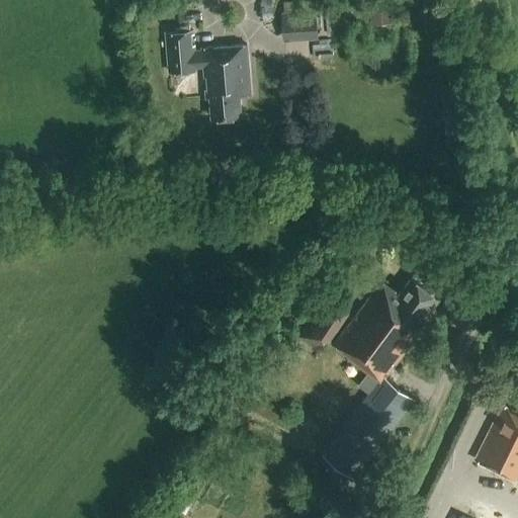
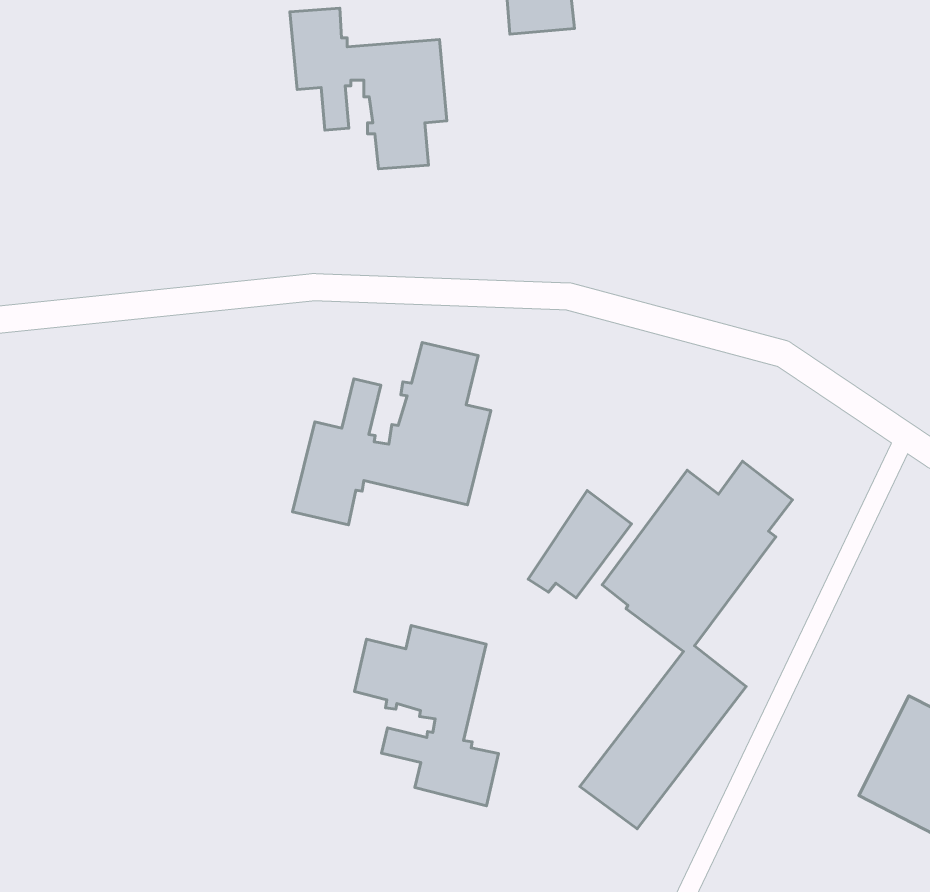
building: none -> [292,343,491,525]
building: none -> [354,626,498,806]

